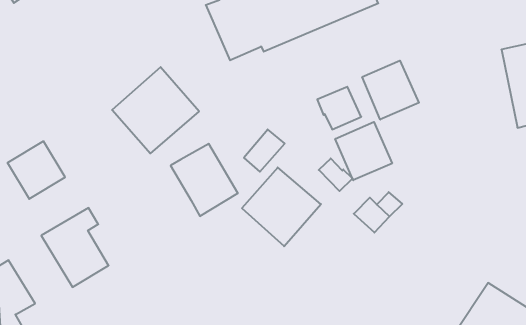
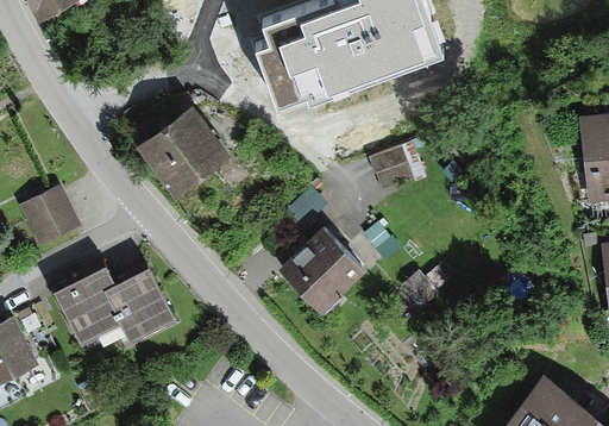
building: [362,61,419,120] -> none
building: [335,122,392,180] -> none
building: [171,144,238,216] -> [105,263,177,343]

